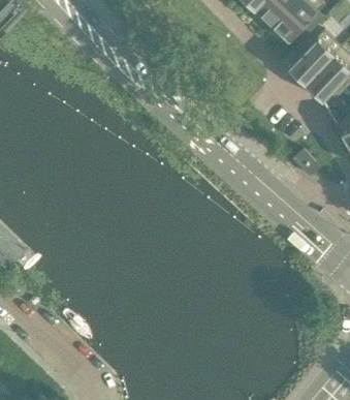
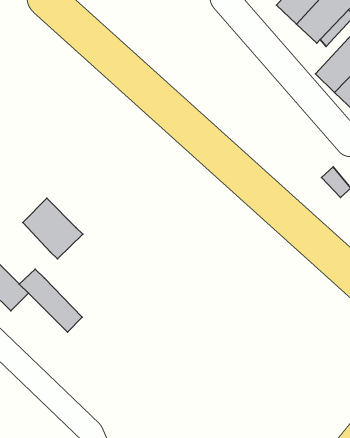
building: none -> [23,198,83,259]
building: none -> [19,269,82,332]

